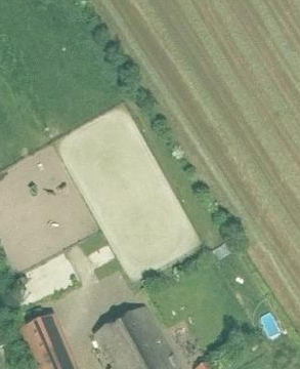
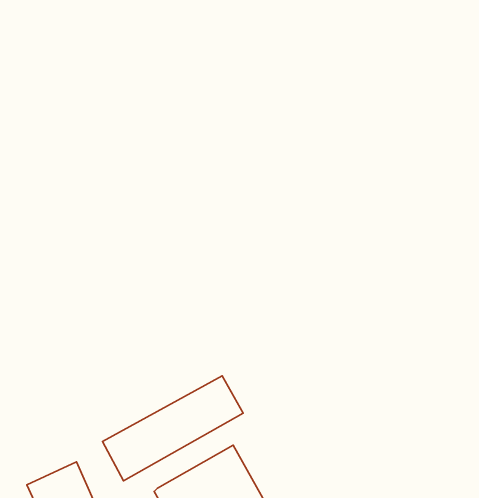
building: none -> [102,376,243,481]

